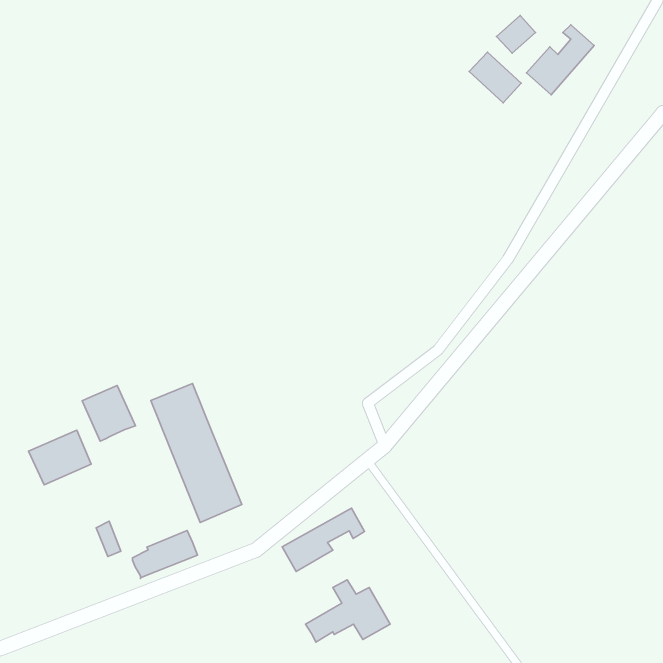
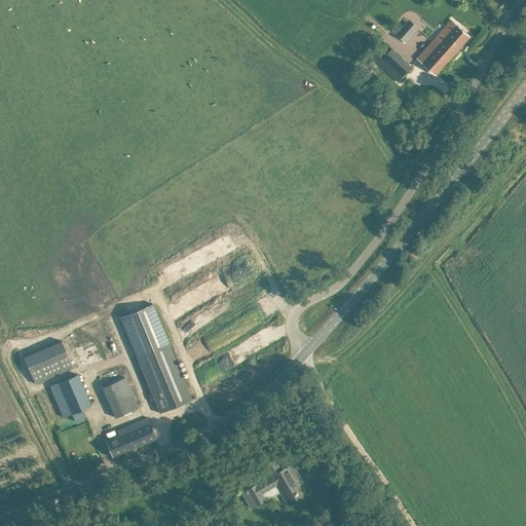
building: [82,385,135,441] -> [48,374,90,418]
building: none -> [107,378,138,415]
building: [282,508,365,571] -> none

